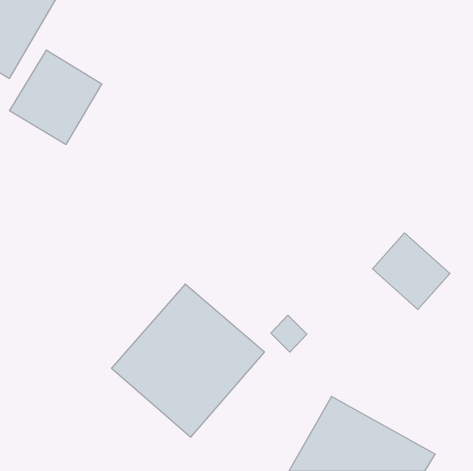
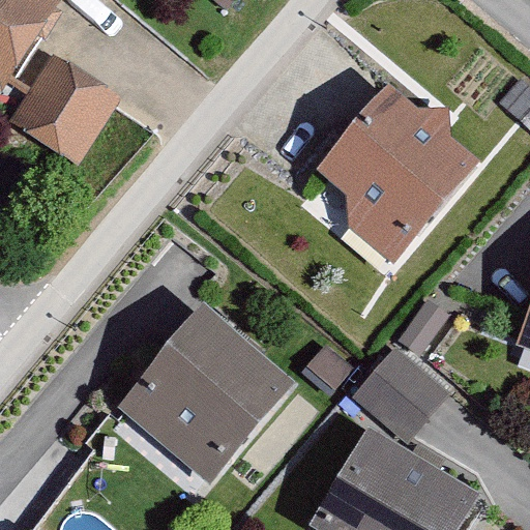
building: none -> [318,88,476,260]
building: [372,233,450,309] -> [351,349,436,433]

